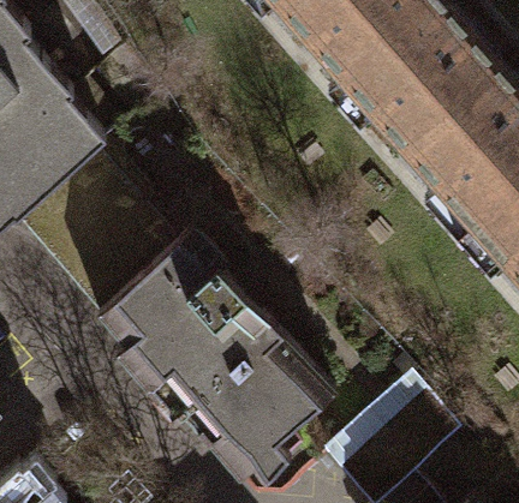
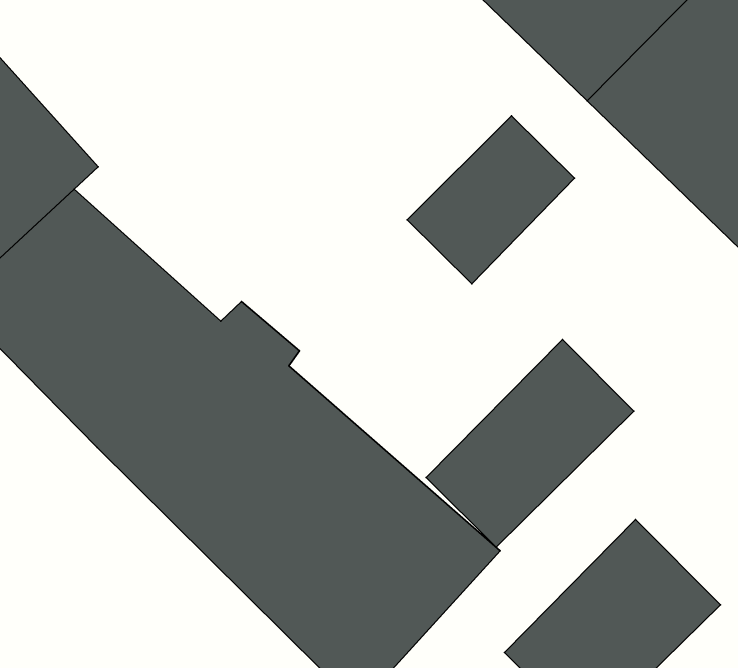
building: none -> [407,116,575,284]
building: none -> [426,339,634,547]

